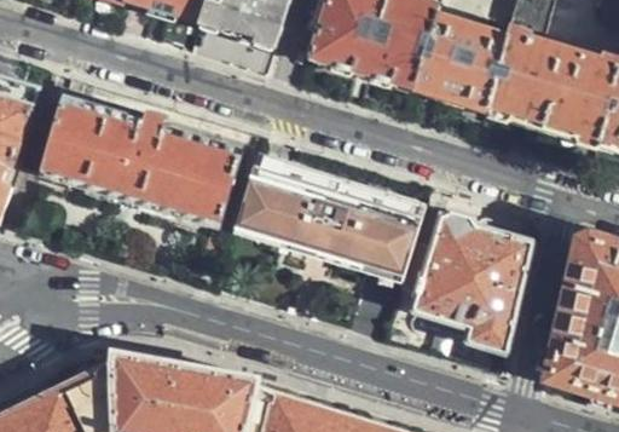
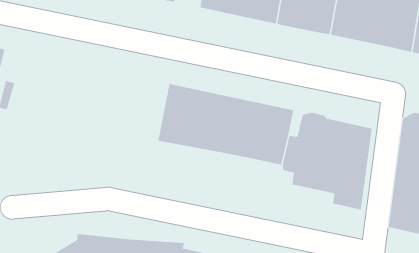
building: [41,94,242,229] -> none

